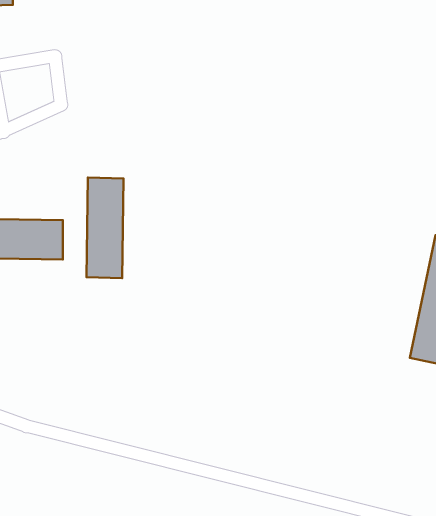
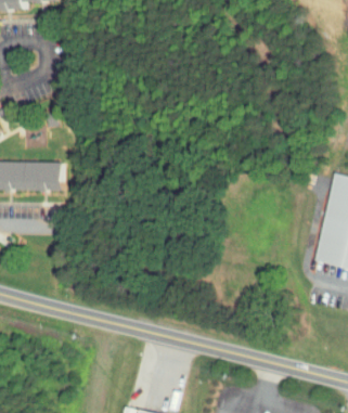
building: [87,177,123,278] -> none

